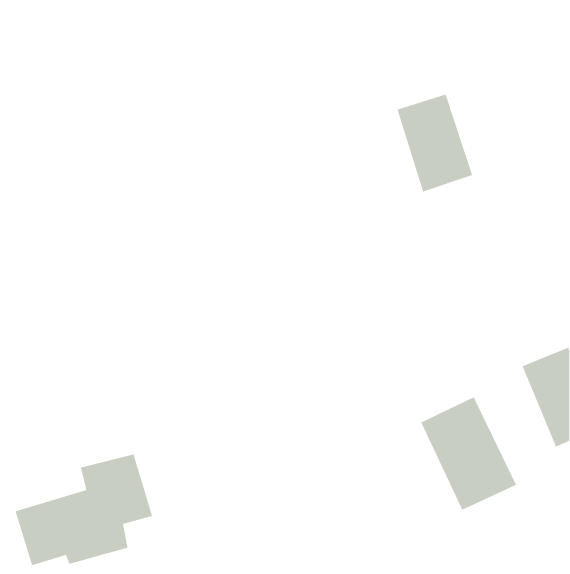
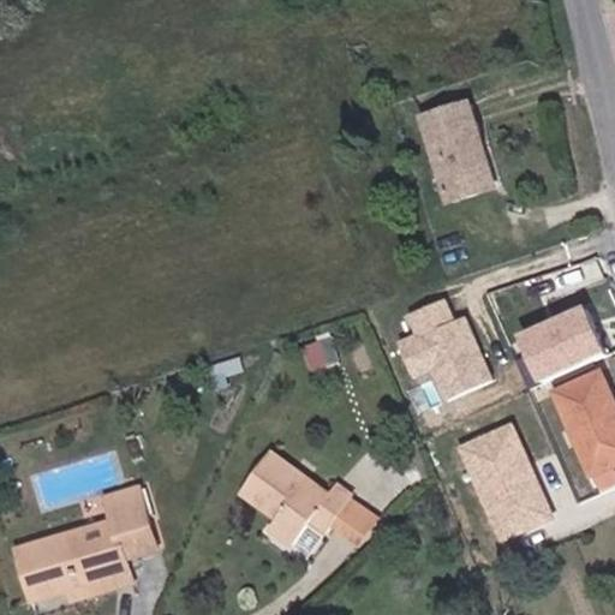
building: none -> [393,300,488,402]
building: none -> [510,306,593,380]
building: none -> [239,448,383,551]

